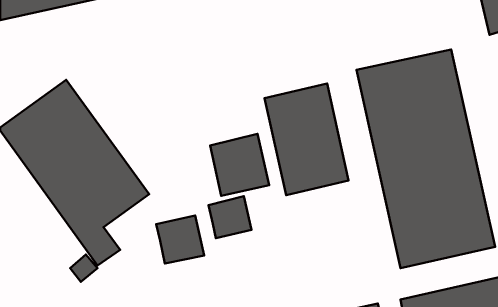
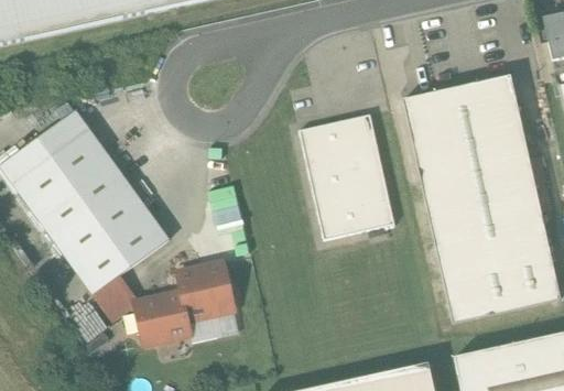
building: [210,134,269,196] -> none
building: [208,196,252,238] -> none
building: none -> [137,291,189,340]

